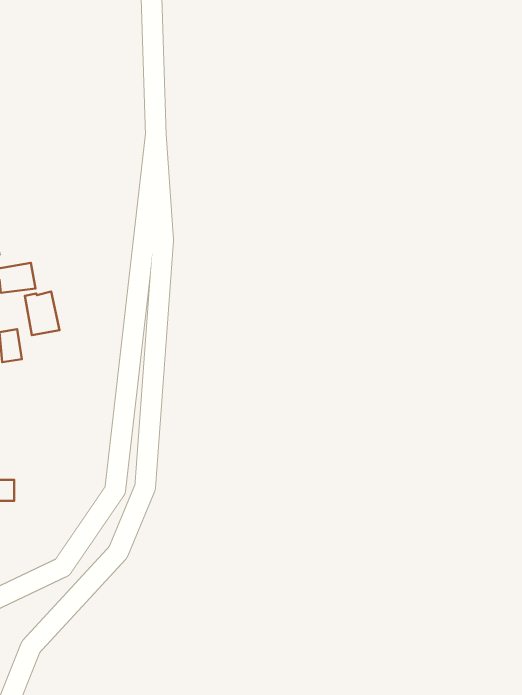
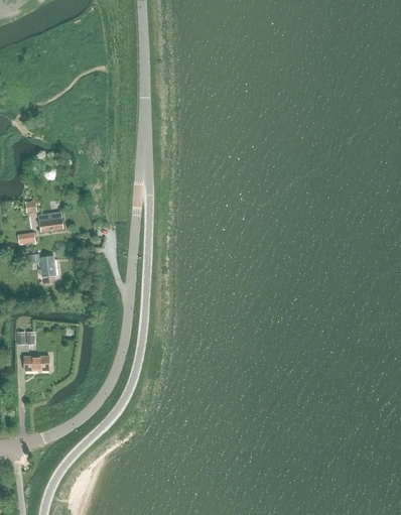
building: [25,292,59,335] -> none

